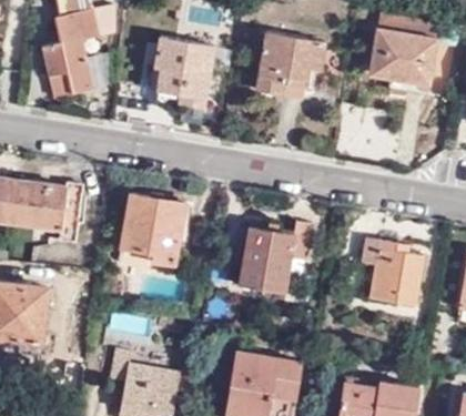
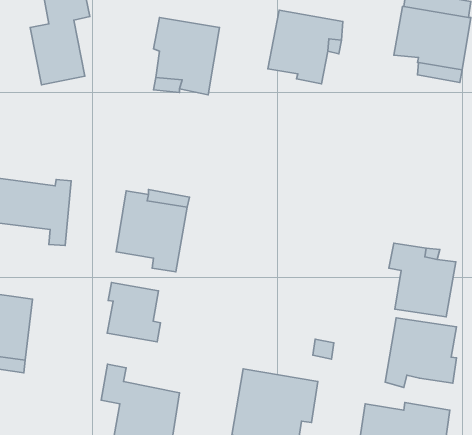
building: [239,222,311,292] -> none
building: none -> [107,282,161,342]
building: none -> [385,318,457,387]

